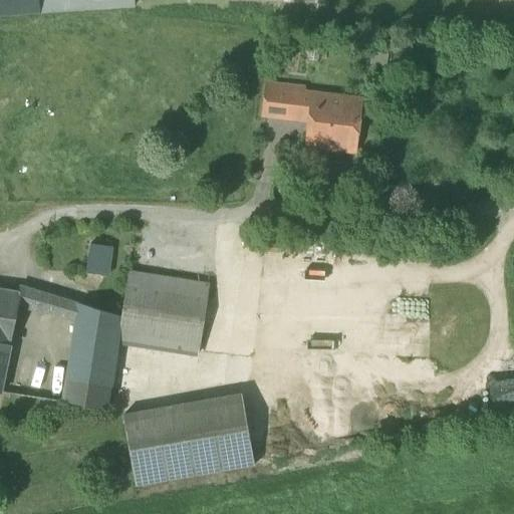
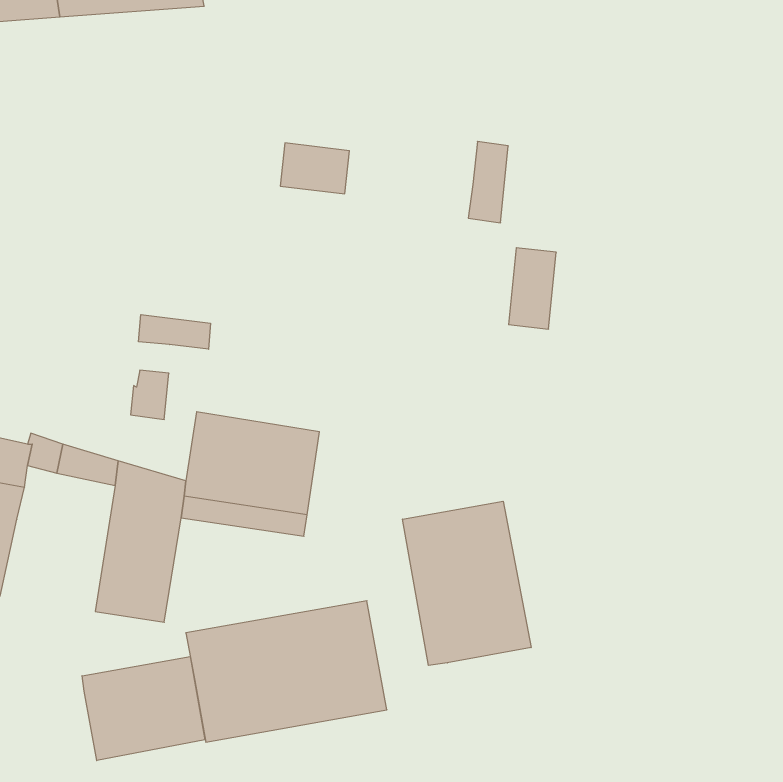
building: [267,87,312,120] -> [280,143,349,194]
building: [327,95,358,149] -> [509,248,556,329]
building: none -> [139,315,210,349]
building: none -> [403,501,531,665]
building: none -> [82,657,205,761]

